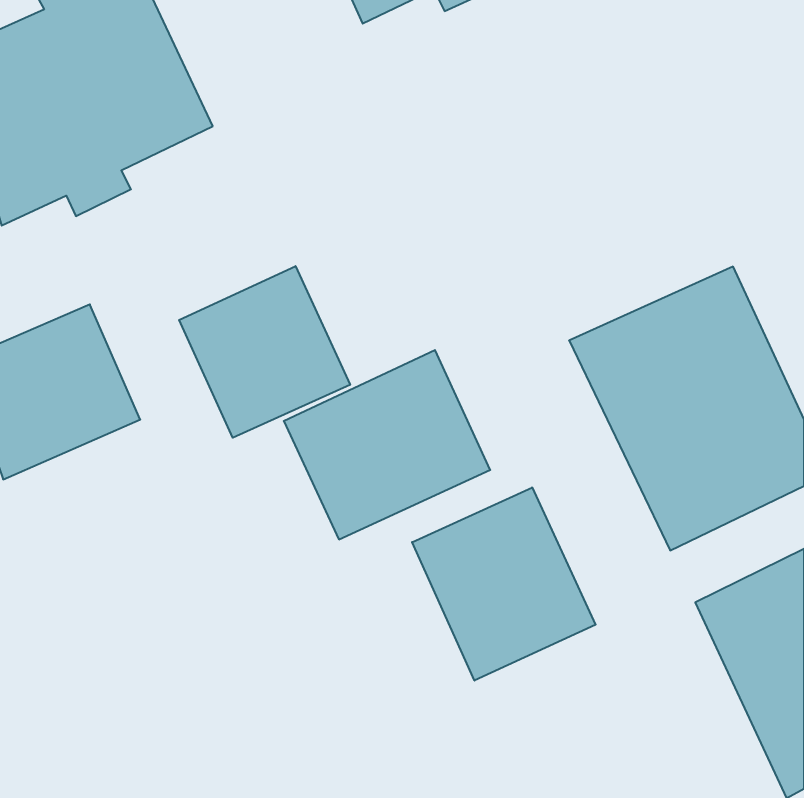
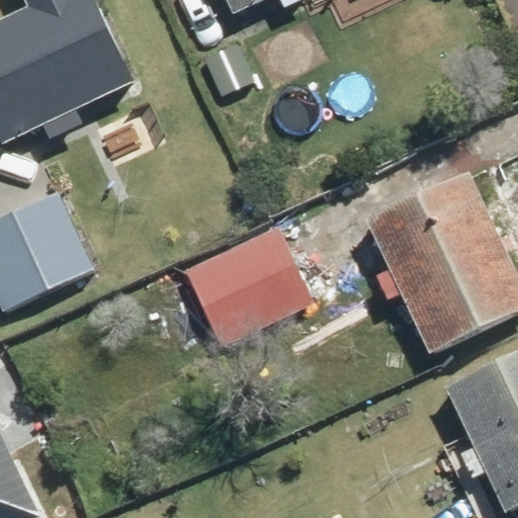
building: [179,266,350,438] -> none
building: [412,487,596,681] -> none

